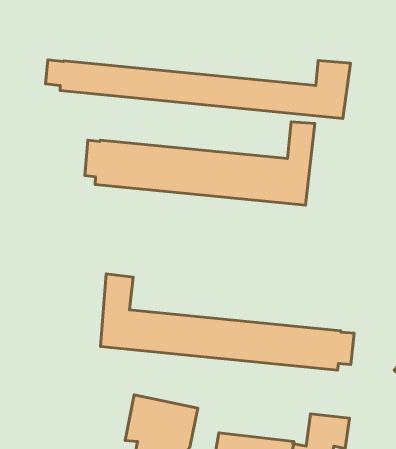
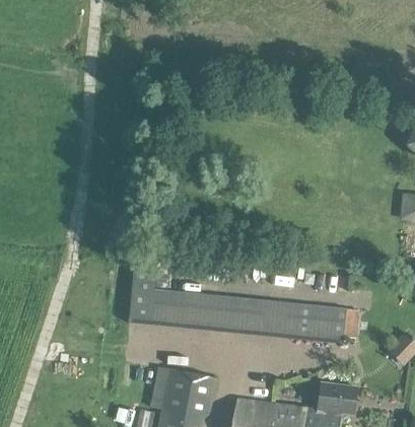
building: [46,60,350,119] -> none
building: [85,122,315,205] -> none

